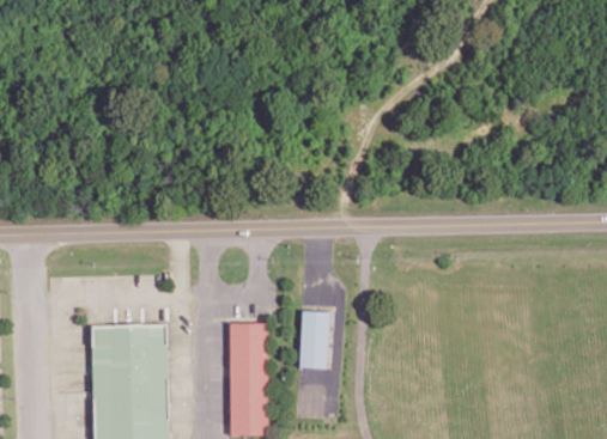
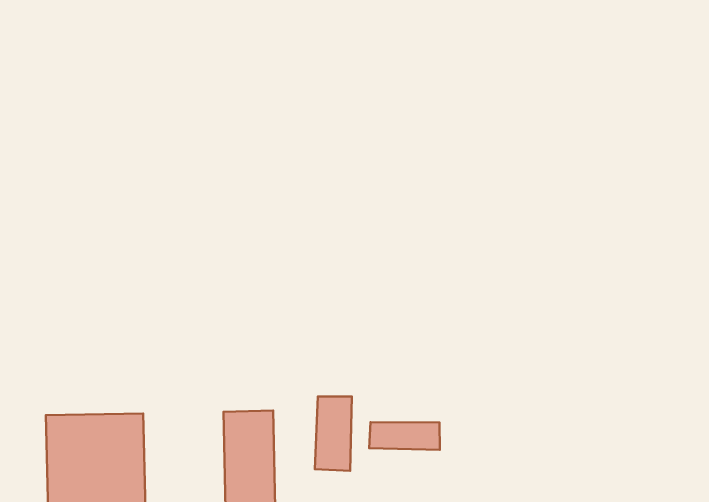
building: none -> [369,422,440,450]

